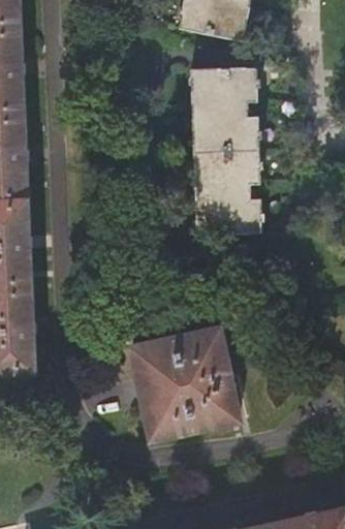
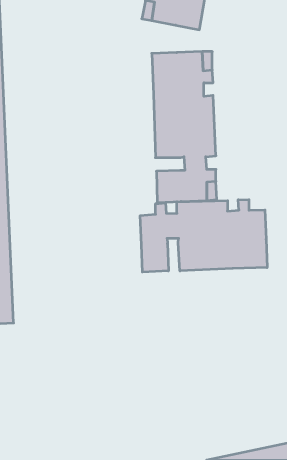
building: none -> [140,200,267,272]
building: [133,329,240,439] -> none

